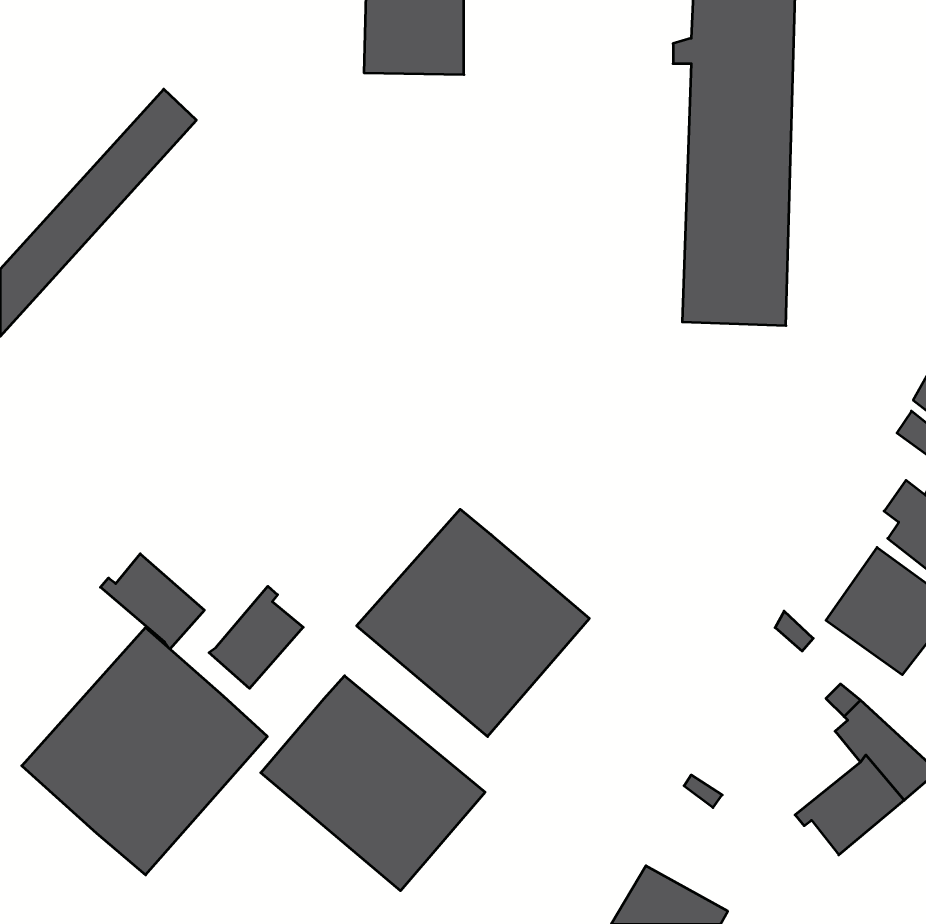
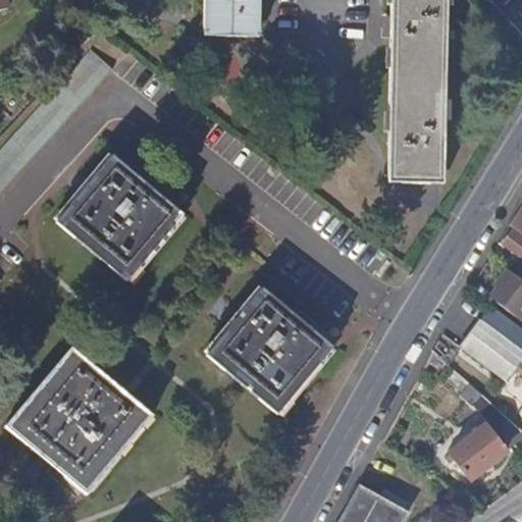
building: none -> [55,156,180,279]
building: [100,554,204,649] -> none
building: [209,586,303,688] -> none
building: [261,676,485,891] -> none

